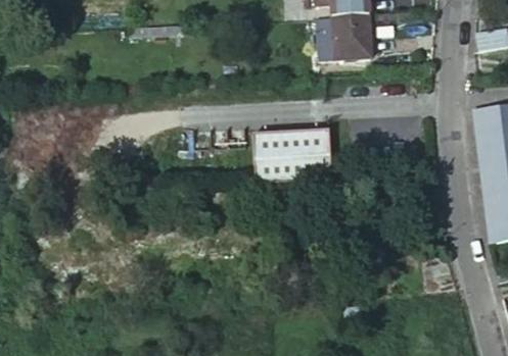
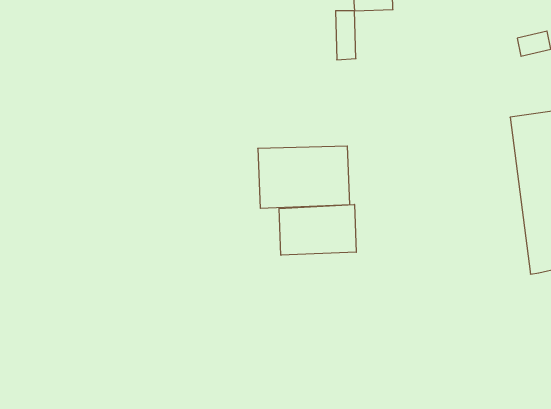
building: [337,12,371,54] -> none
building: none -> [279,204,356,255]

